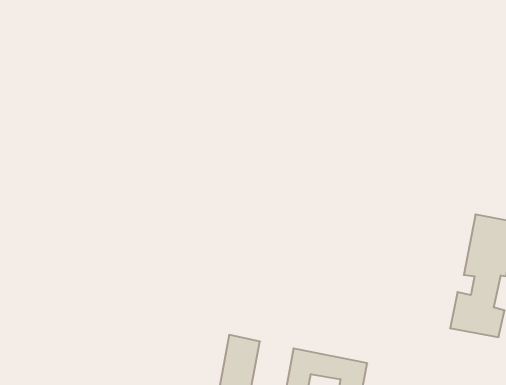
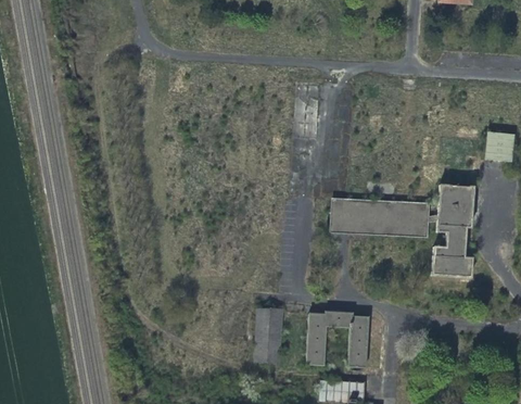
building: none -> [330,197,429,237]

